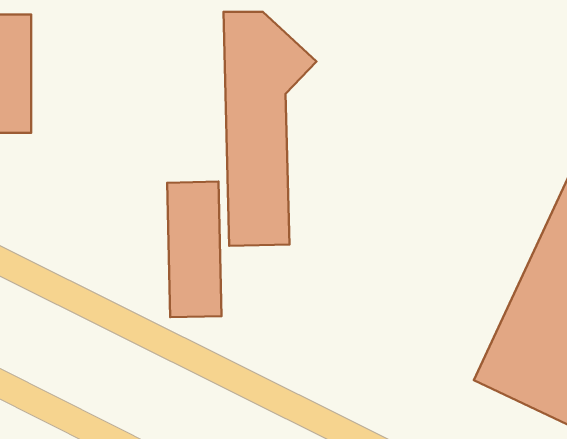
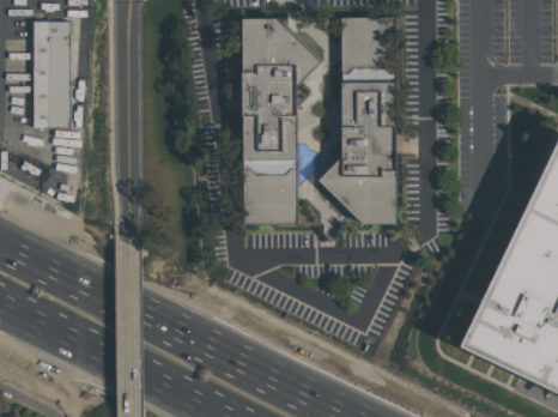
building: none -> [316,19,399,228]
building: [167,182,221,317] -> none

